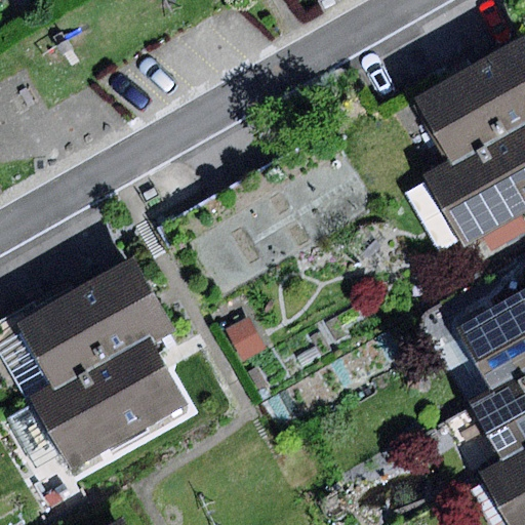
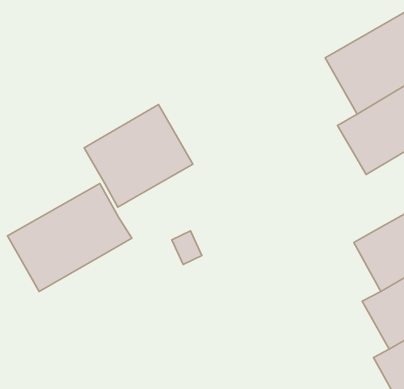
building: none -> [84,104,193,207]
building: [35,342,186,471] -> none

